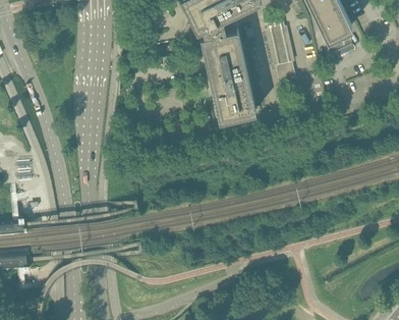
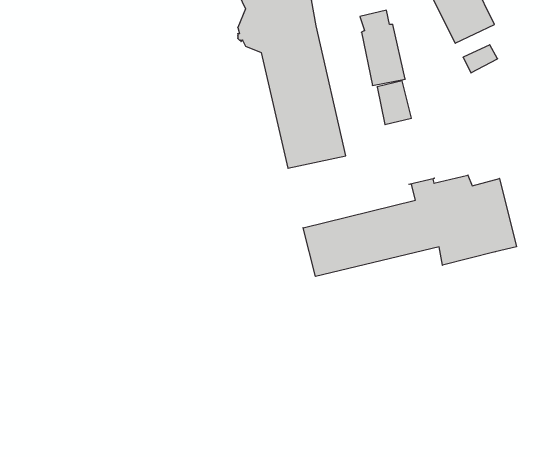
building: none -> [303,175,516,276]

